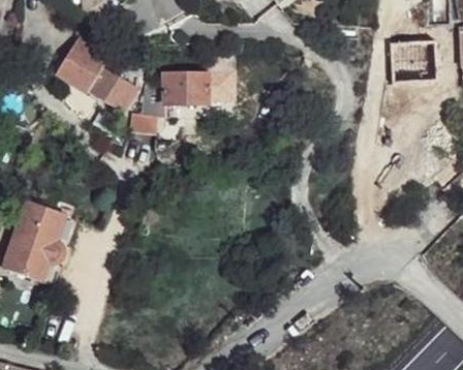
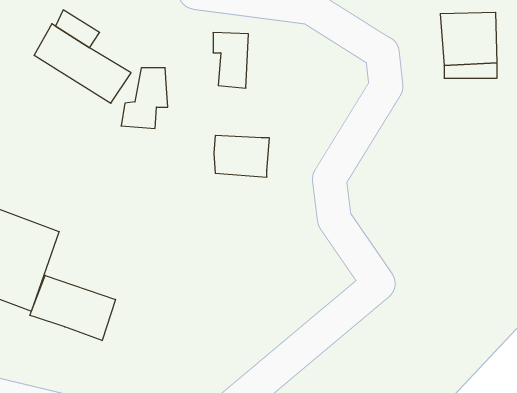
building: [163,69,209,103] -> [214,135,269,177]
building: none -> [30,275,115,341]

